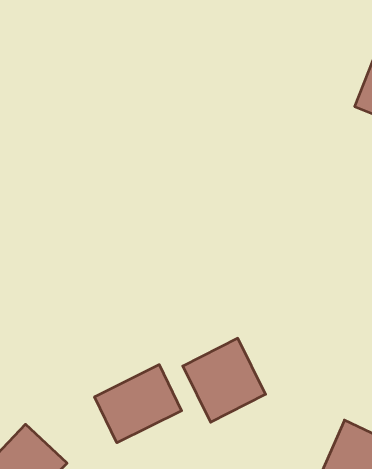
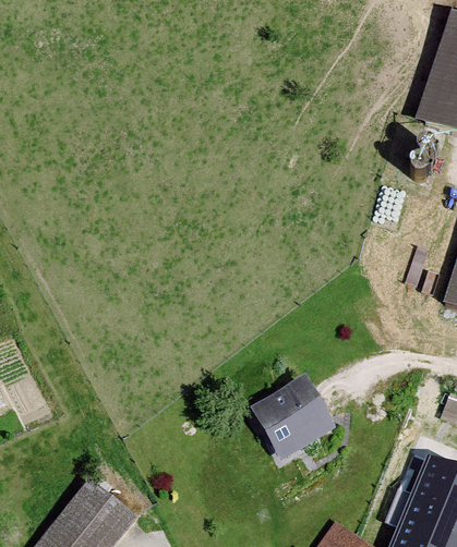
building: [95,365,182,443] -> none

